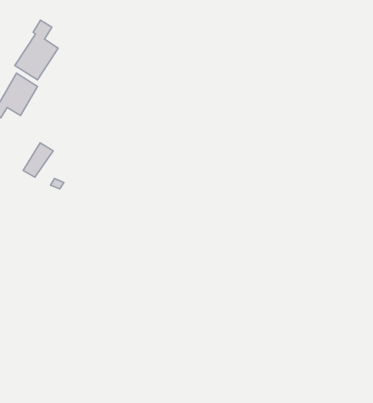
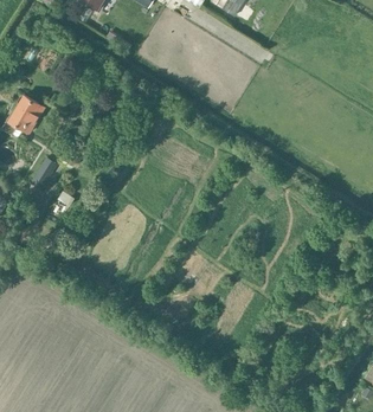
building: [15,20,58,80] -> none

